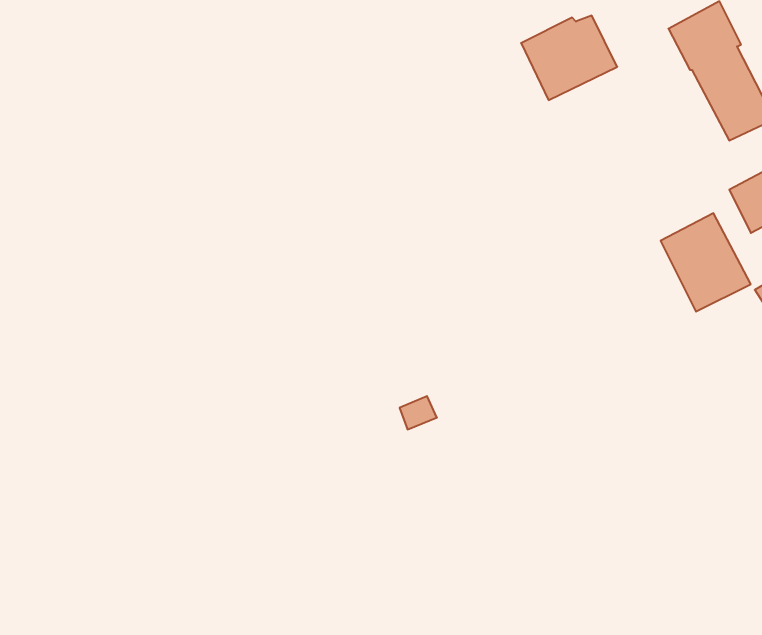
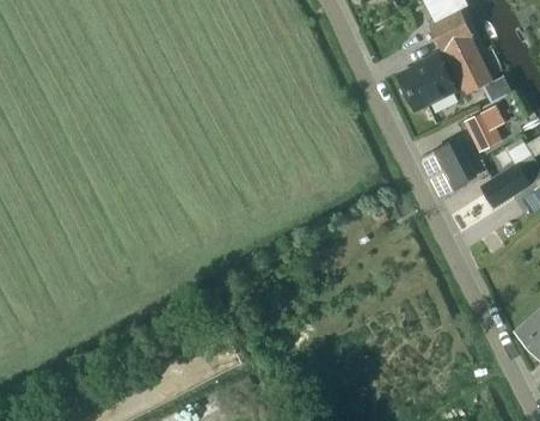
building: [521,16,617,100] -> [398,60,456,111]

